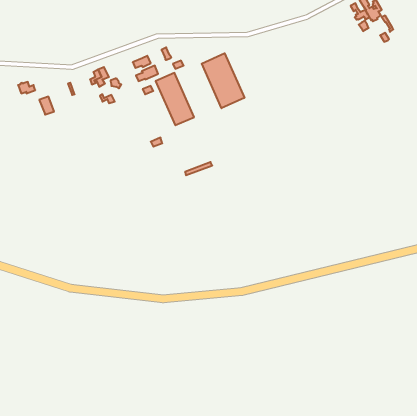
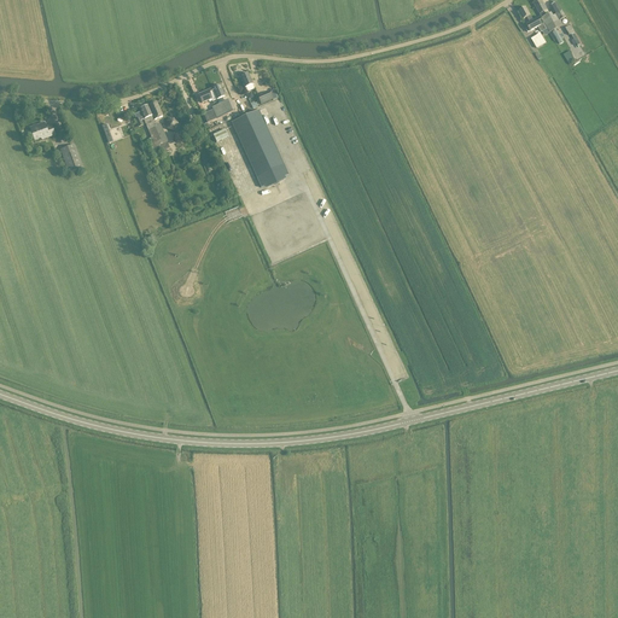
building: [202,53,244,108] -> none

